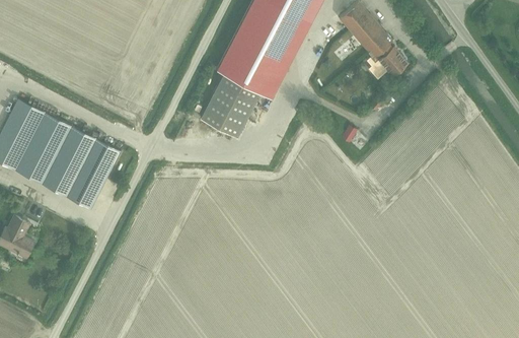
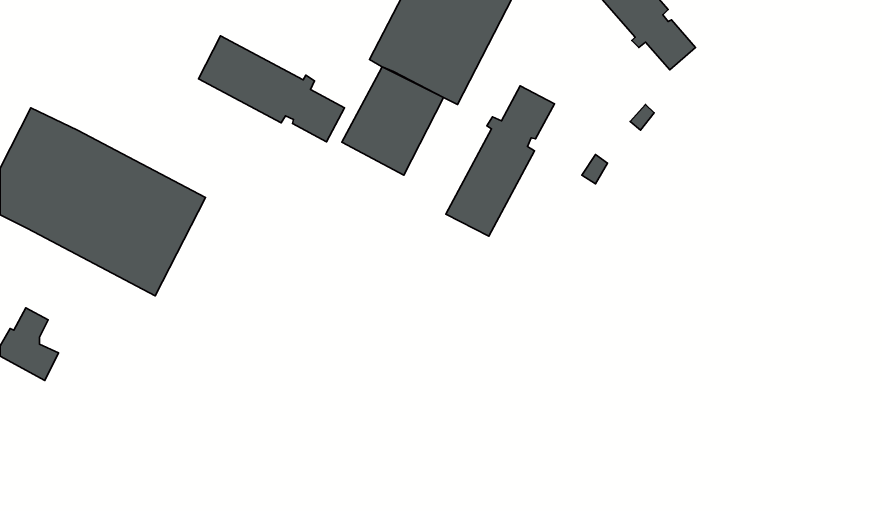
building: none -> [199,36,344,142]
building: none -> [446,86,554,236]

